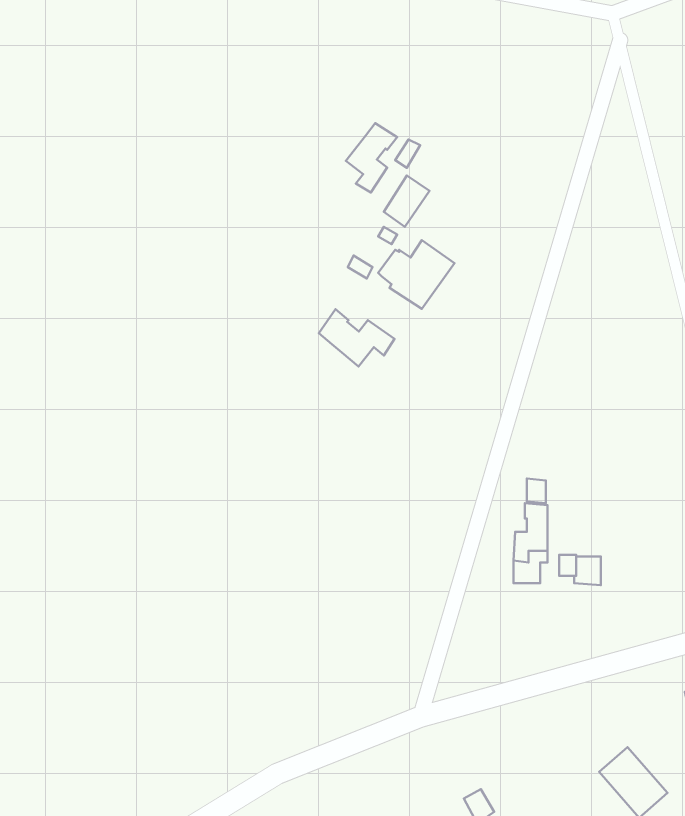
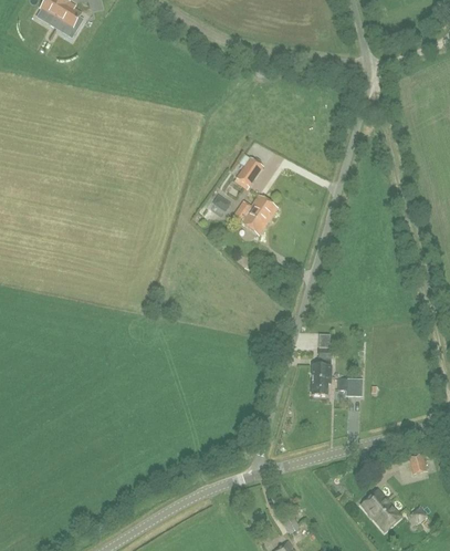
building: [346,123,397,192] -> none
building: [319,309,394,366] -> none

